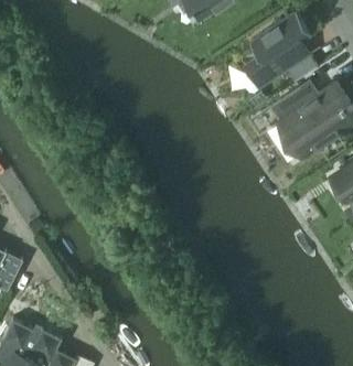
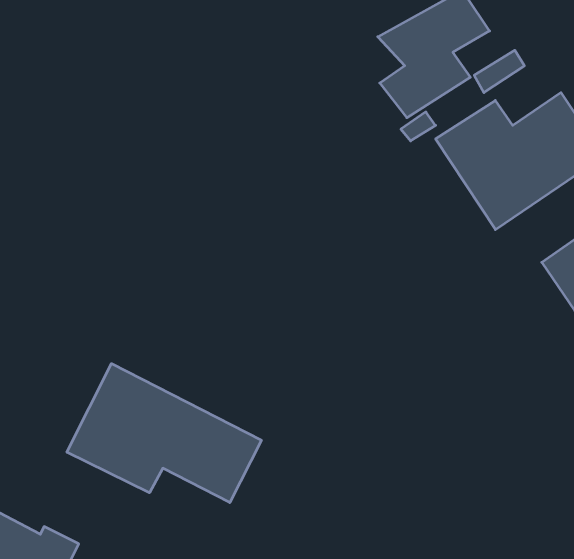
building: none -> [67,364,261,503]

